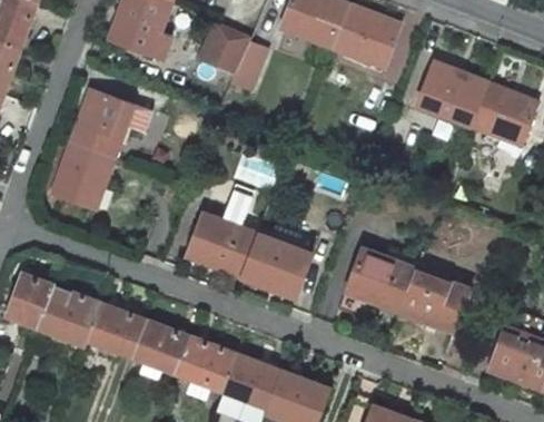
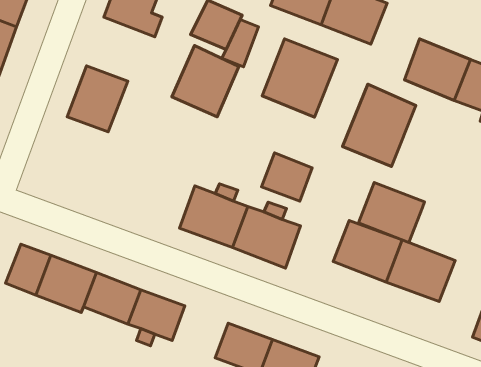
building: none -> [262,39,338,117]
building: none -> [172,45,239,117]
building: none -> [343,84,416,167]
building: [52,141,113,209] -> none
building: none -> [262,153,312,201]
building: none -> [358,182,425,242]
building: [179,336,237,390] -> none

